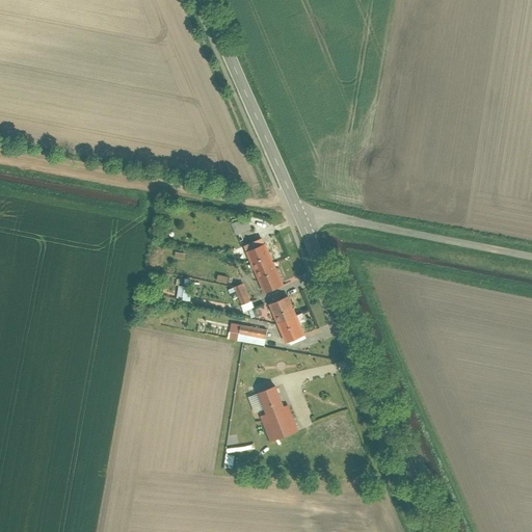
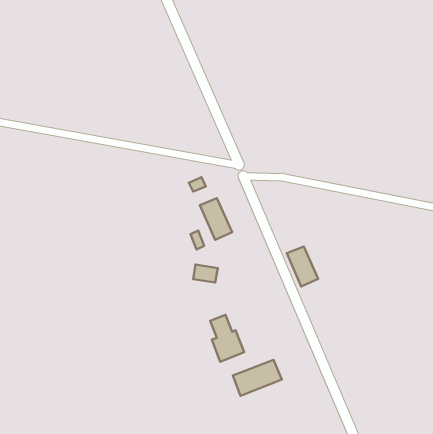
building: [267,295,305,344] -> [287,246,318,286]
building: none -> [233,360,282,396]

